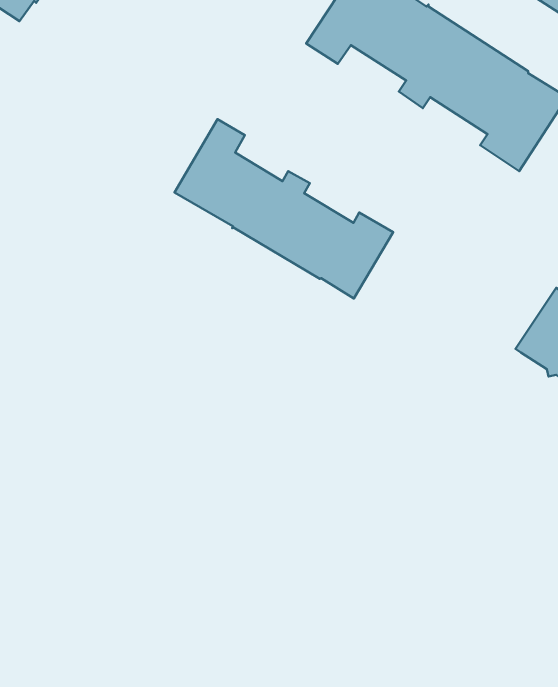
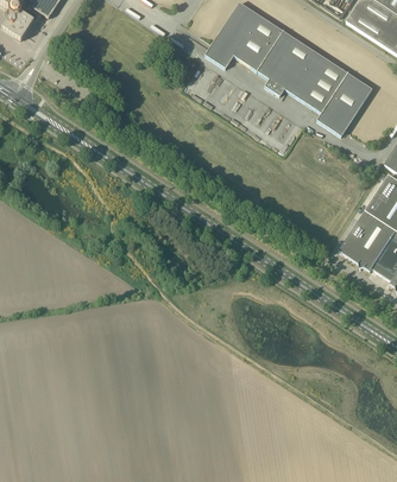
building: [175,119,393,299] -> none

